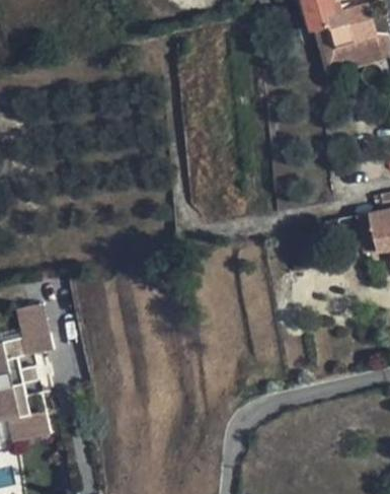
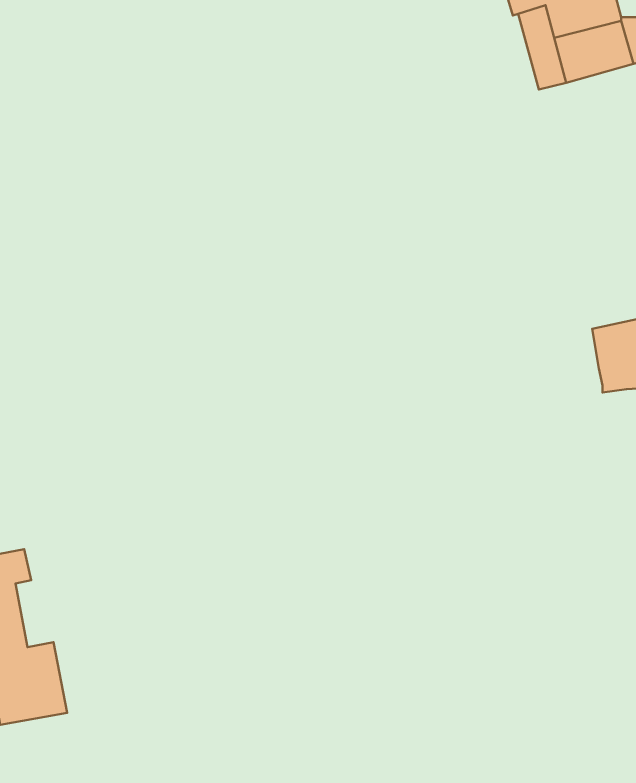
building: [17,309,54,361] -> none

